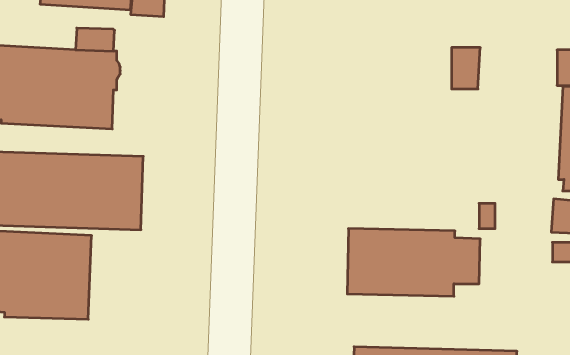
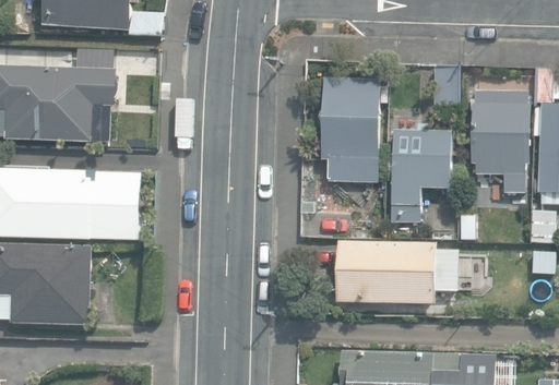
building: none -> [322,80,379,182]
building: none -> [469,89,530,193]
building: none -> [389,124,452,222]

